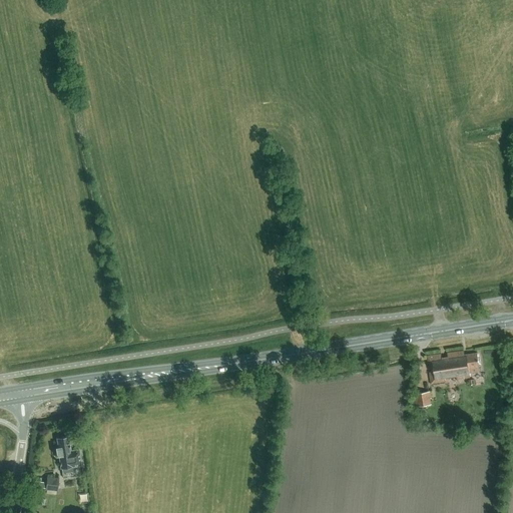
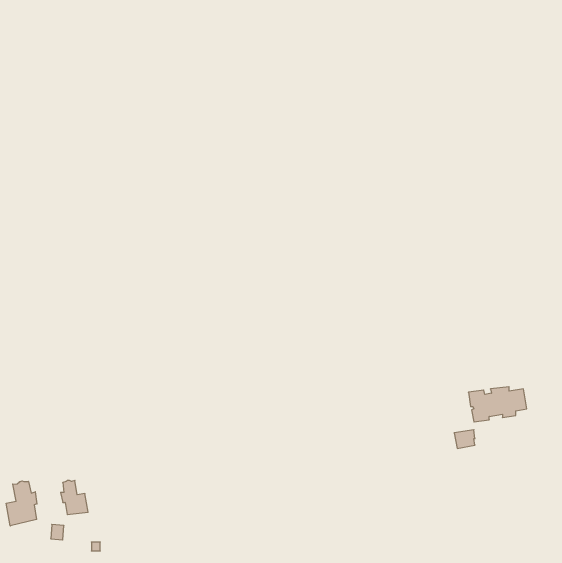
building: none -> [6,481,37,526]

